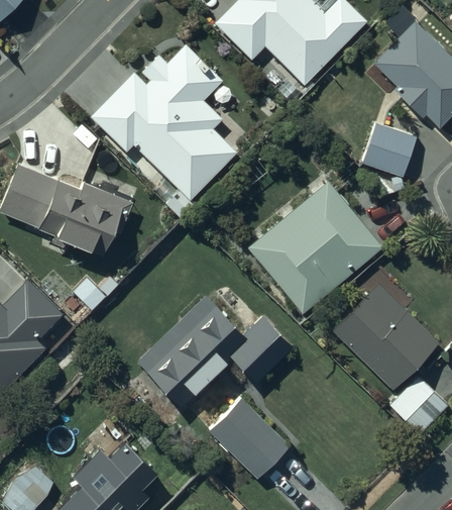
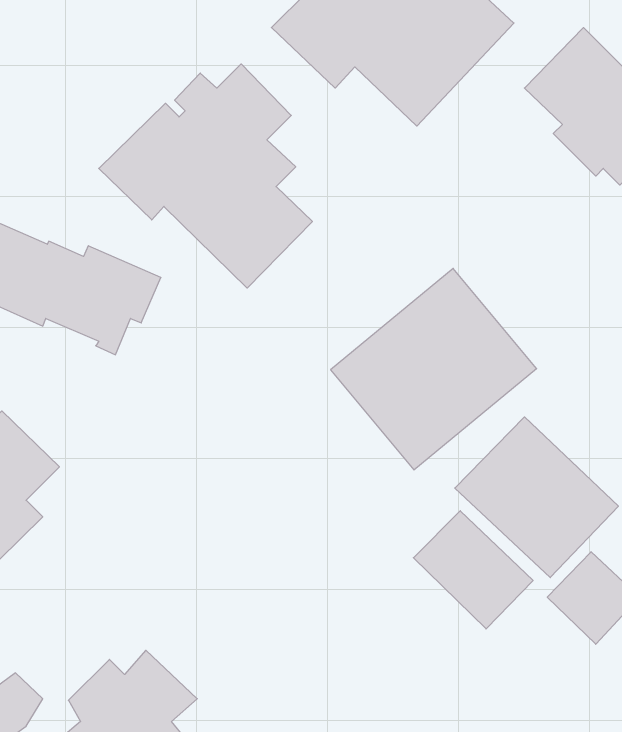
building: [361,125,417,179] -> none
building: [141,298,292,404] -> none
building: [209,397,289,476] -> [413,511,533,629]

